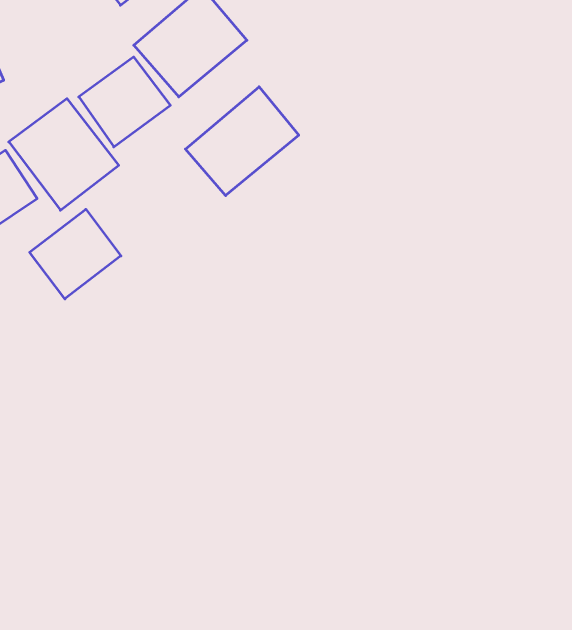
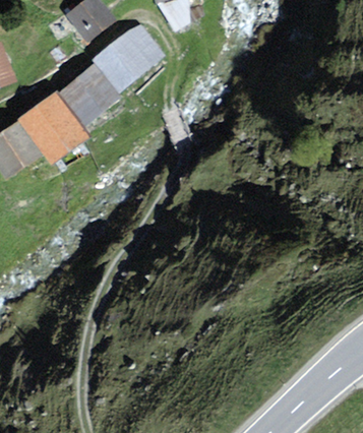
building: [185,87,299,196] -> none
building: [30,209,121,299] -> none

